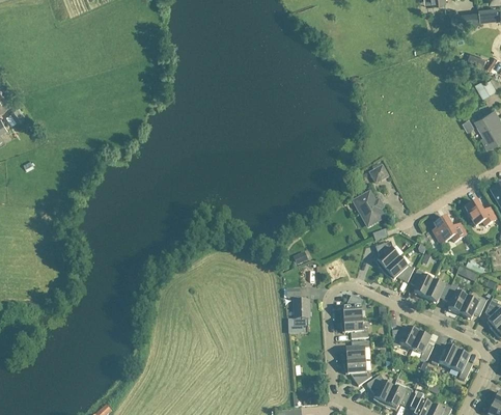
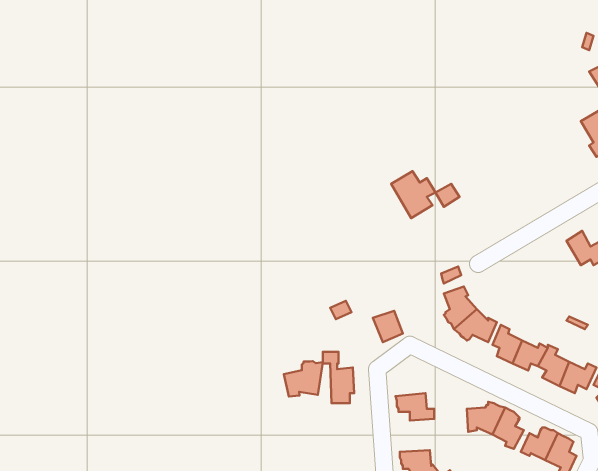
building: [353,192,385,226] -> [391,171,435,218]
building: [434,217,466,242] -> none
building: [340,294,364,321] -> none
building: none -> [284,361,323,397]
building: [343,340,369,361] -> none

